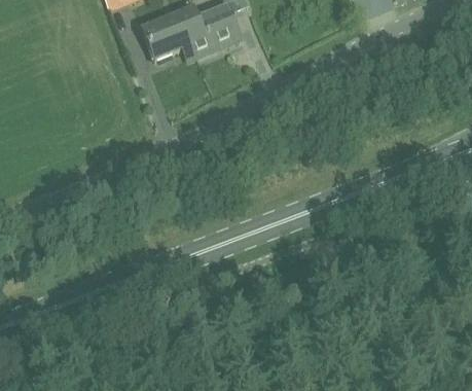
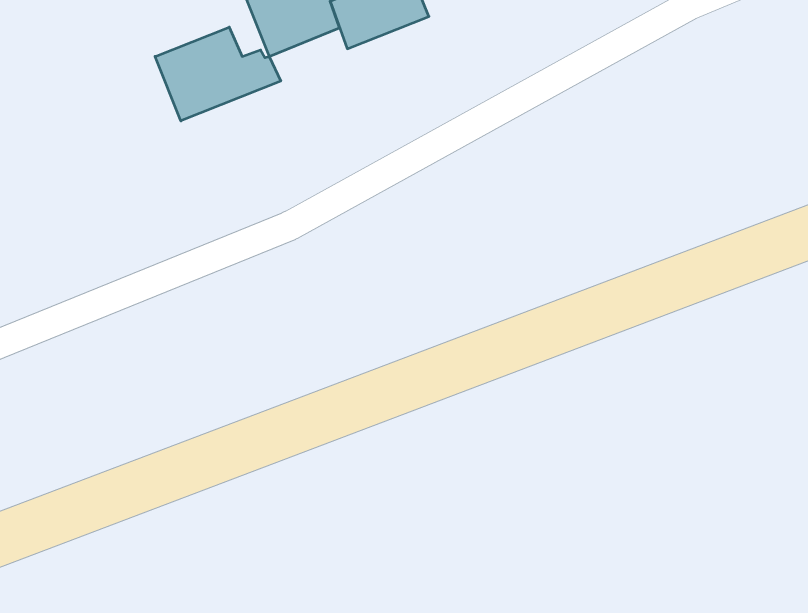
building: none -> [155,27,281,121]

